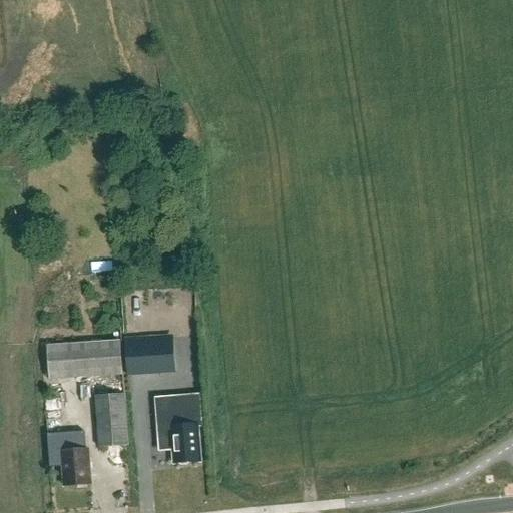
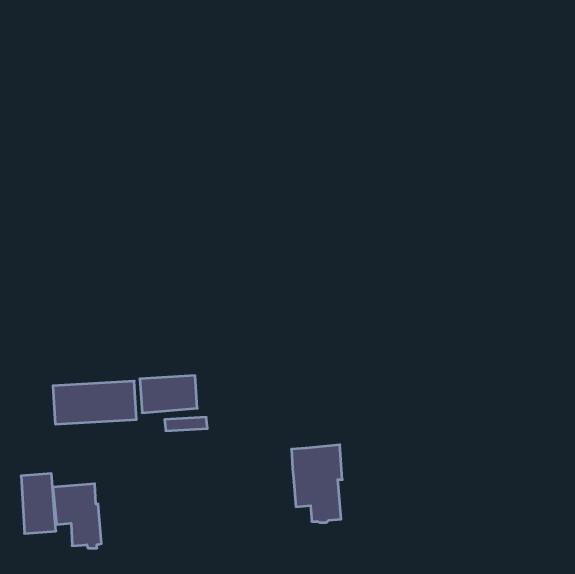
building: [96,392,127,445] -> [21,474,56,533]
building: [155,394,200,463] -> [291,445,342,522]

